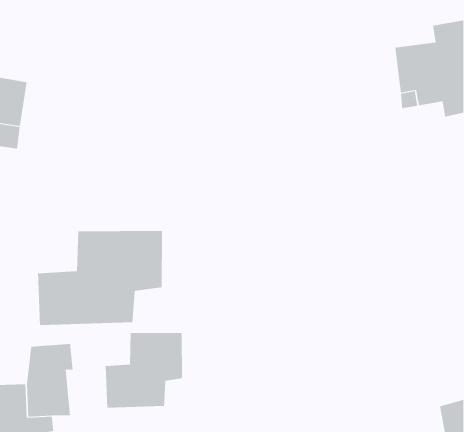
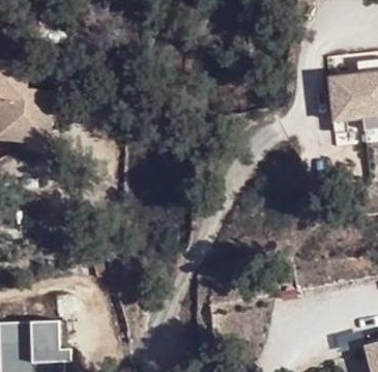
building: [37,230,162,326] -> none
building: [105,332,182,408] -> none

